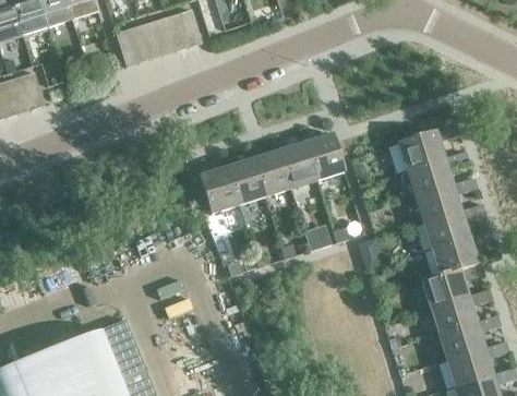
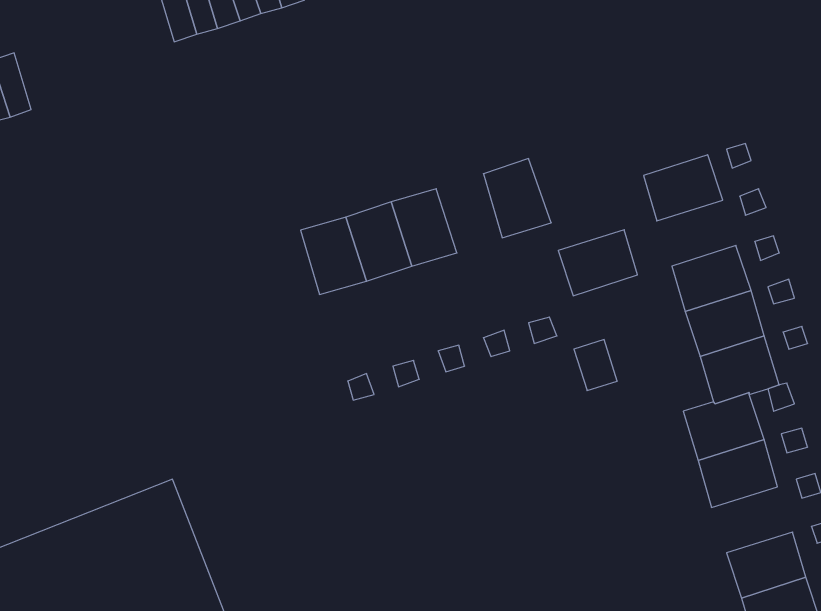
building: [278,142,316,188] -> none
building: [406,157,452,195] -> [558,230,637,296]
building: [437,323,484,361] -> none

